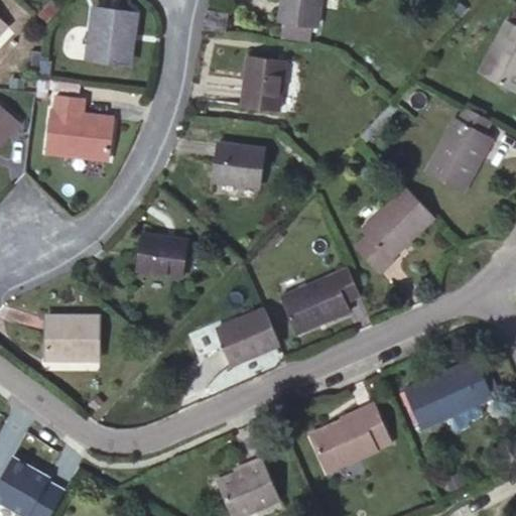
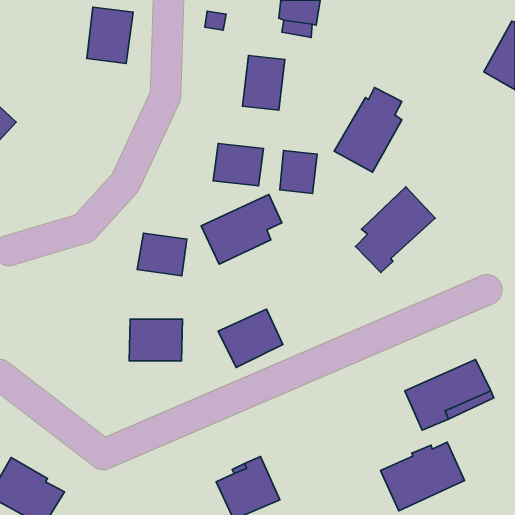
building: [45,97,112,159] -> none
building: [425,108,493,192] -> [334,87,402,172]
building: none -> [280,150,317,193]
building: [281,265,362,335] -> [201,194,282,264]
building: [45,317,99,359] -> [129,319,183,361]
building: [307,406,391,475] -> [381,442,464,511]

